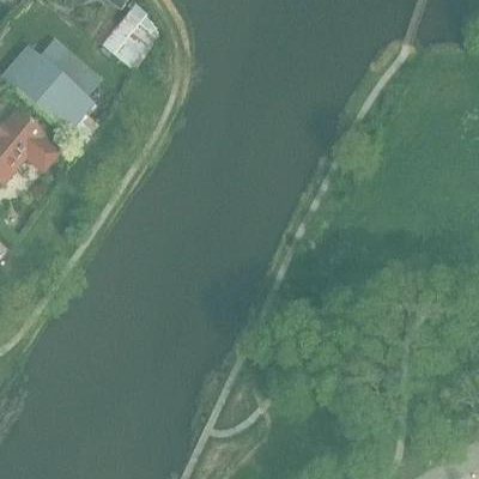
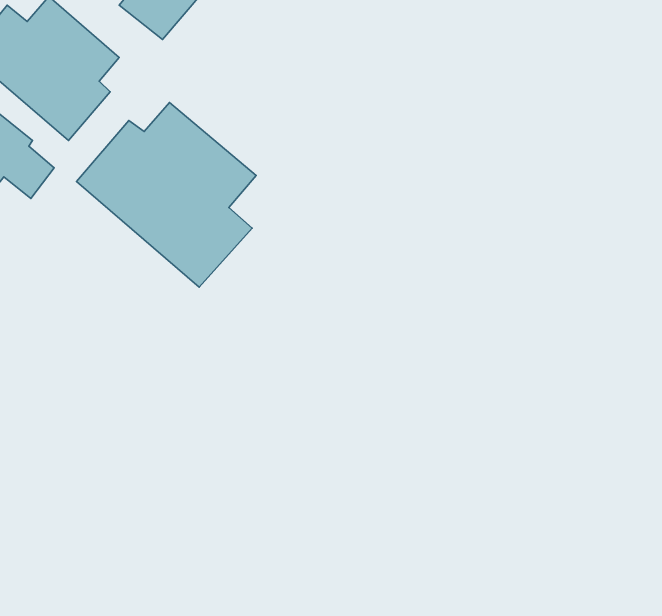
building: none -> [76,102,256,287]

